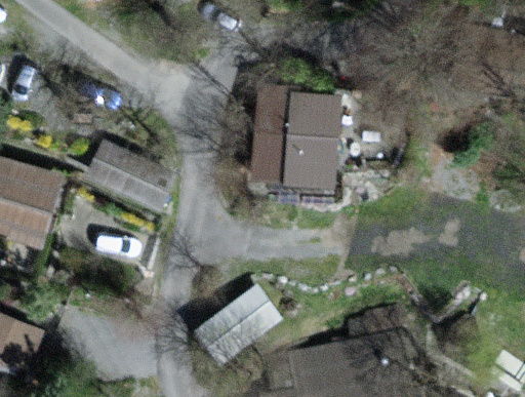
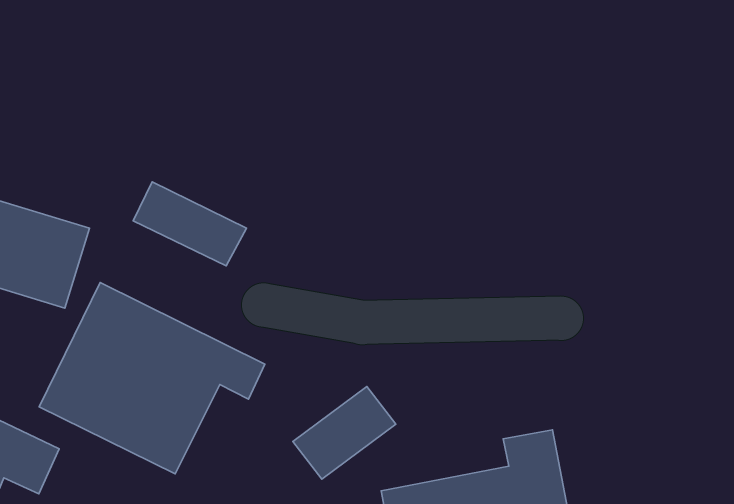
building: [265,100,339,176] -> none
building: none -> [39,283,265,474]

